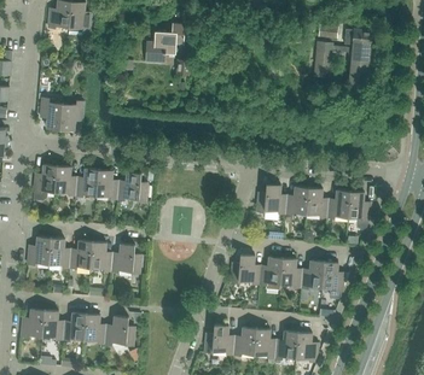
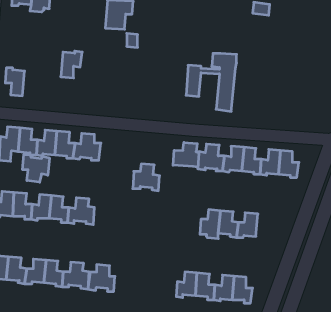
building: [314,29,371,94] -> [186,53,237,111]
building: [59,100,83,130] -> [61,51,82,78]
building: none -> [173,142,199,167]
building: none -> [23,155,49,182]
building: [230,254,260,285] -> [133,164,160,191]
building: [321,262,343,298] -> none
building: [203,324,233,355] -> [88,265,115,291]

